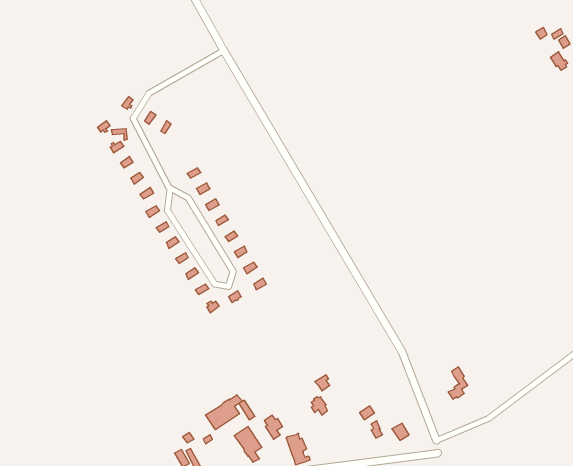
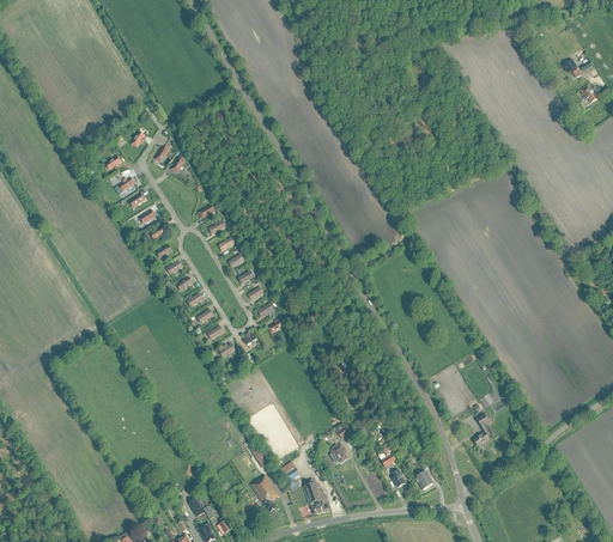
building: [206,395,242,430] -> none

